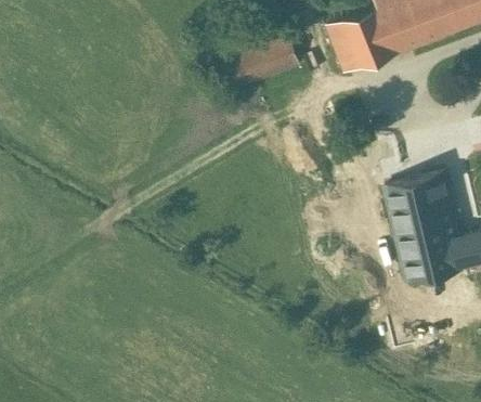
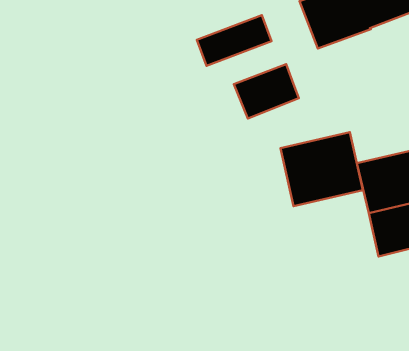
building: none -> [234,64,299,118]
building: none -> [281,132,363,206]

